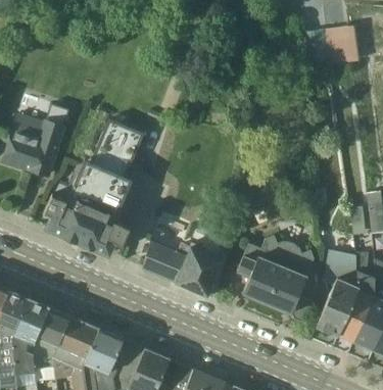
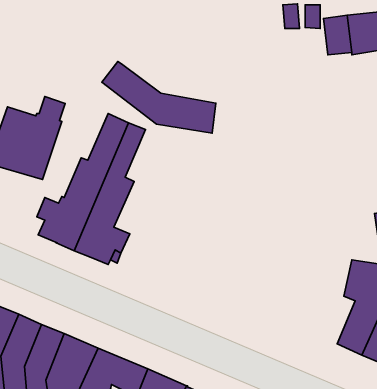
building: none -> [102,62,216,133]
building: [141,209,225,298] -> none
building: [236,235,314,322] -> none

